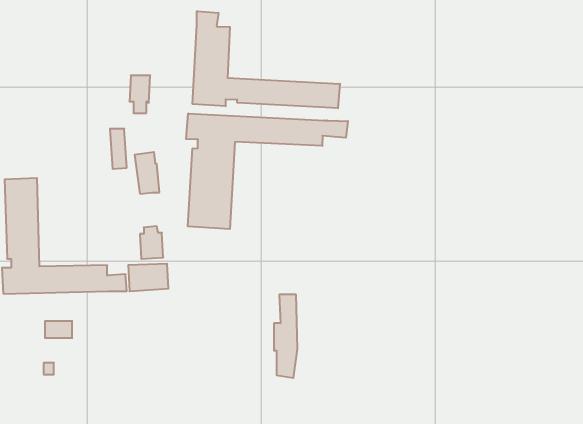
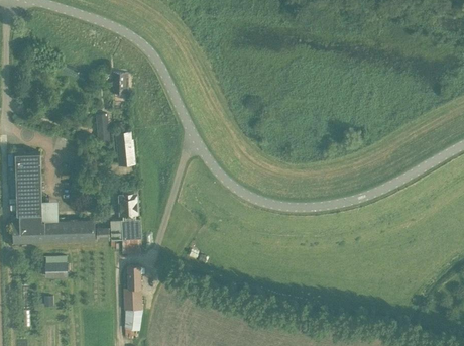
building: [193,11,340,108] -> none
building: [186,113,348,229] -> none
building: [274,295,297,378] -> [123,266,141,331]

